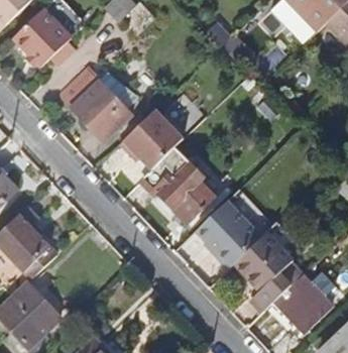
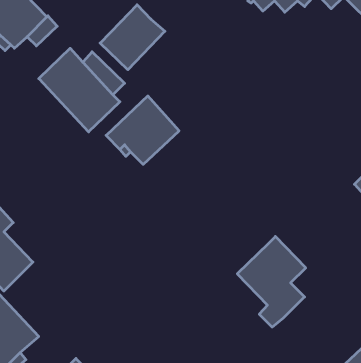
building: none -> [100,5,165,70]
building: [143,150,213,220] -> none
building: [195,201,260,266] -> none
building: [273,273,332,332] -> none

